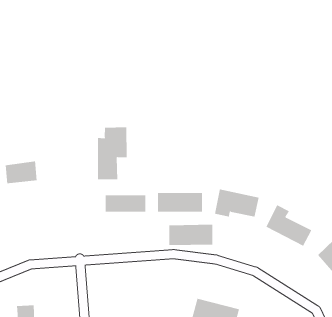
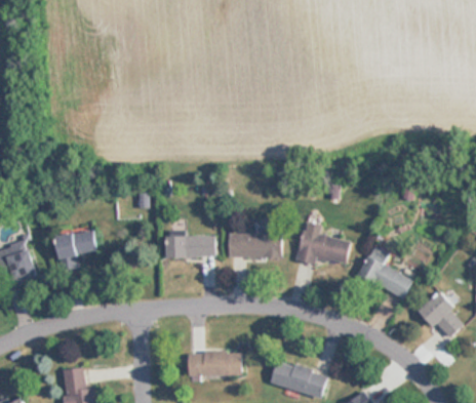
building: [97,127,127,180] -> none
building: [5,161,37,184] -> [56,231,95,258]
building: [168,224,213,246] -> [187,352,240,377]

